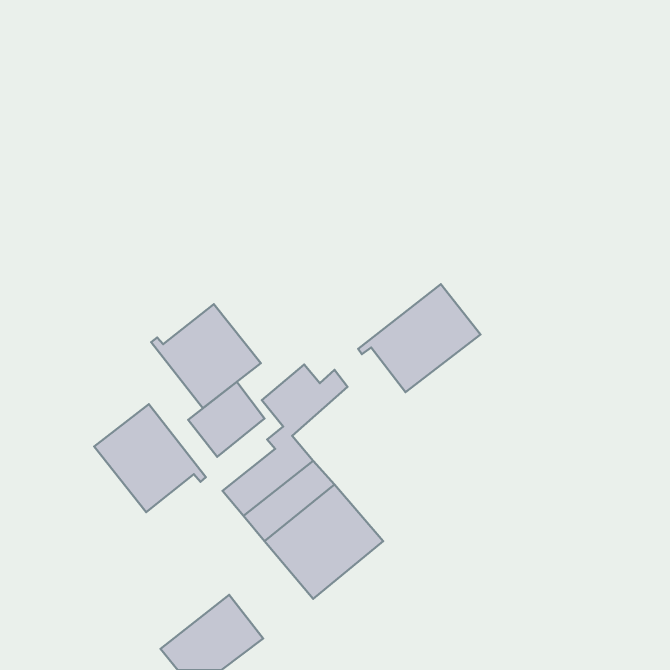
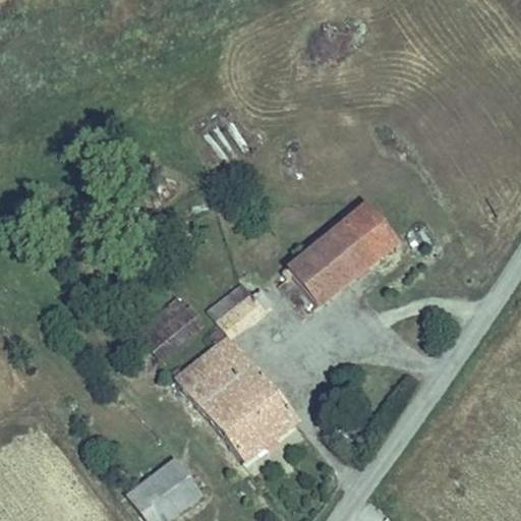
building: none -> [343,202,396,258]
building: [151,304,261,408] -> none
building: [94,404,206,512] -> none

